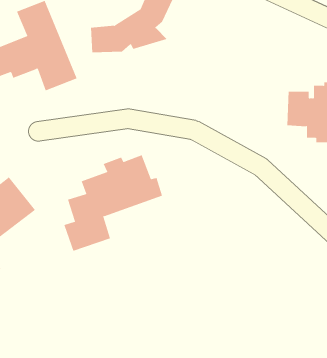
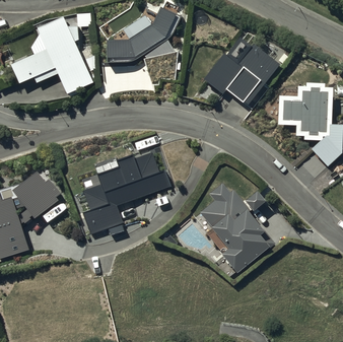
building: none -> [203,33,280,105]
building: none -> [200,183,276,272]

